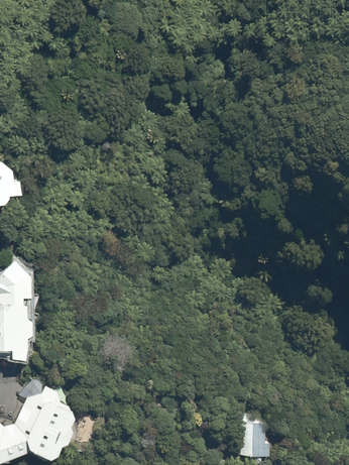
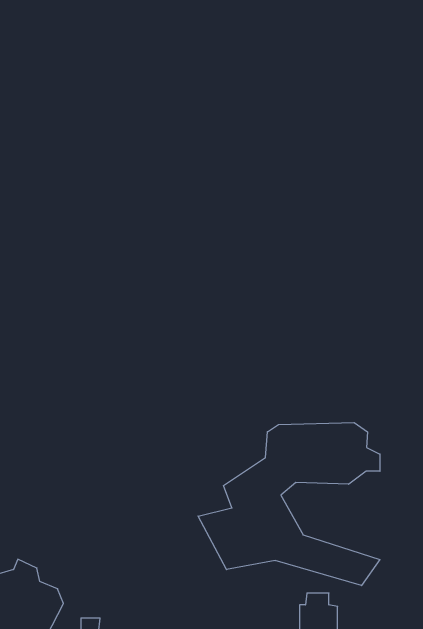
building: none -> [198,423,380,586]

